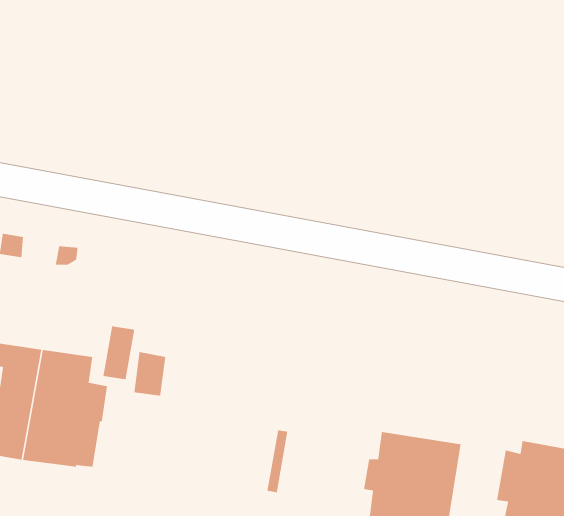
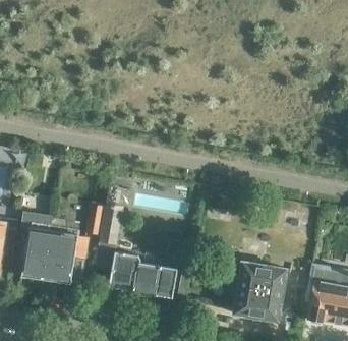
building: none -> [109,252,177,299]

